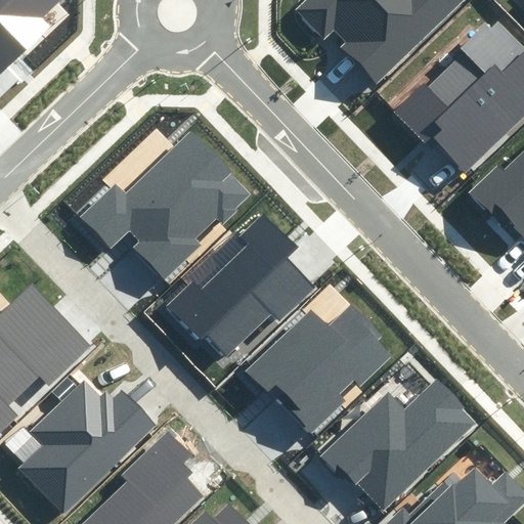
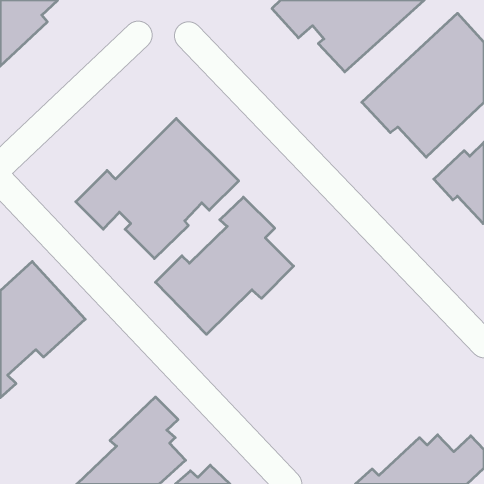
building: [253,306,391,432] -> none
building: [21,379,160,514] -> none
building: [325,383,472,510] -> none

